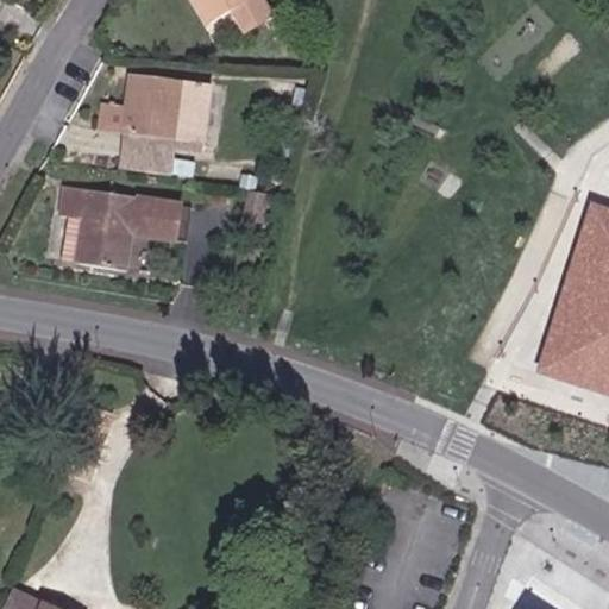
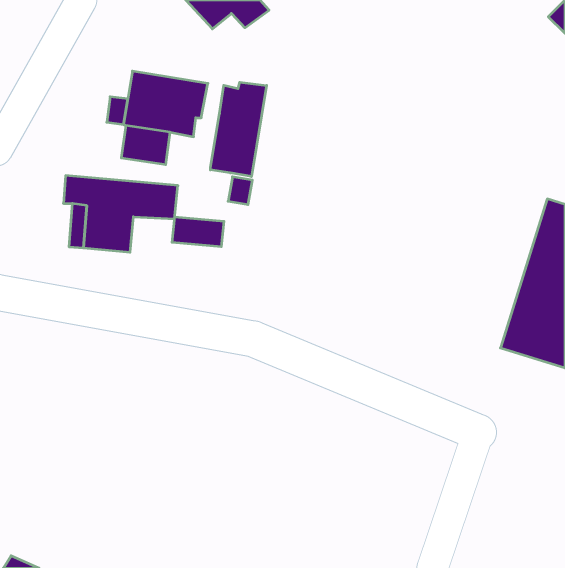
building: none -> [210,82,267,177]
building: none -> [172,217,224,247]

